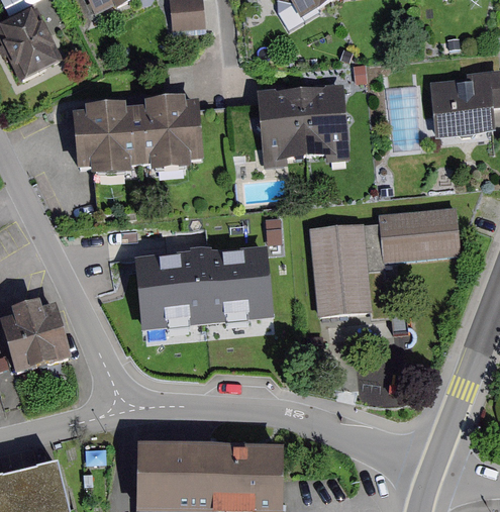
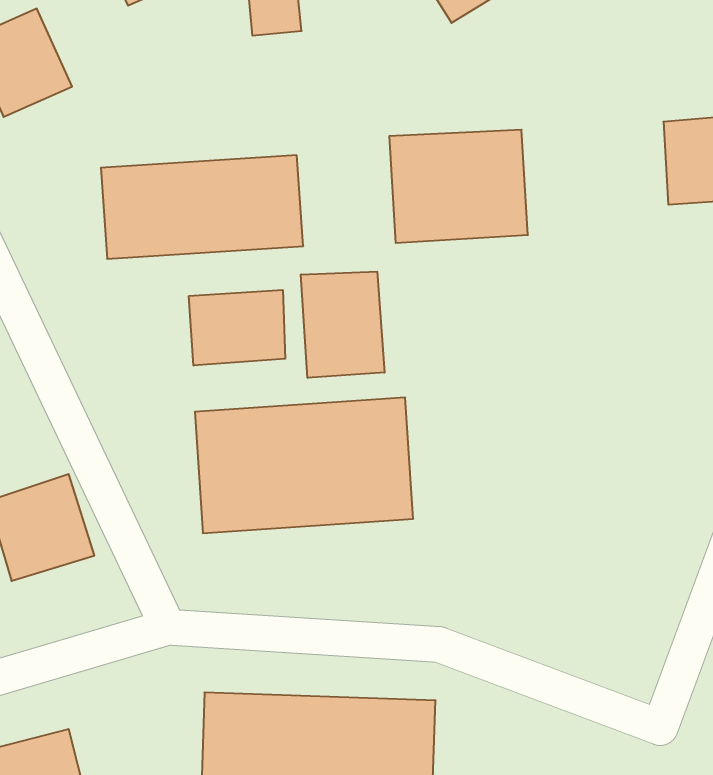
building: none -> [301,272,385,378]
building: none -> [189,290,285,366]
building: [308,208,459,316] -> none

